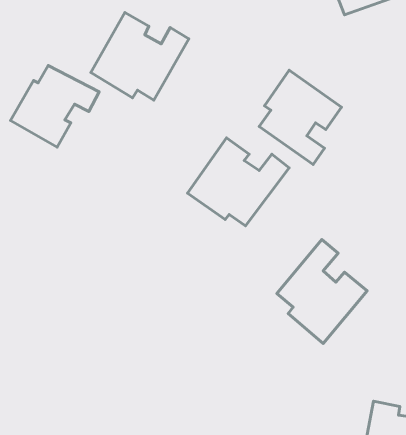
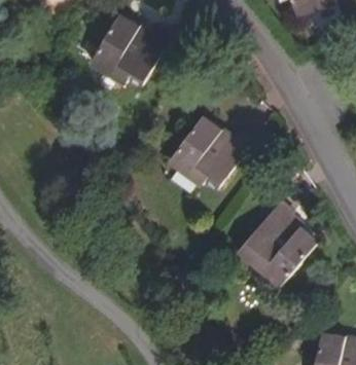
building: [11,66,99,147] -> none
building: [259,70,342,165] -> none

